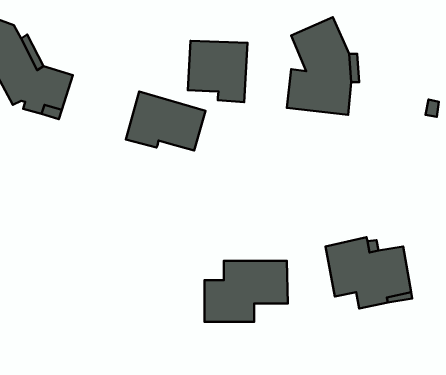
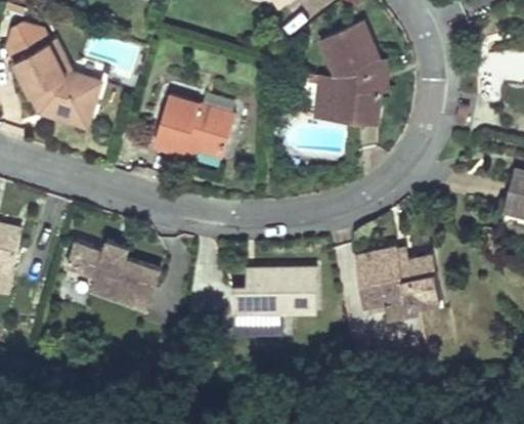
building: [188,41,247,102] -> none
building: none -> [66,240,160,308]

